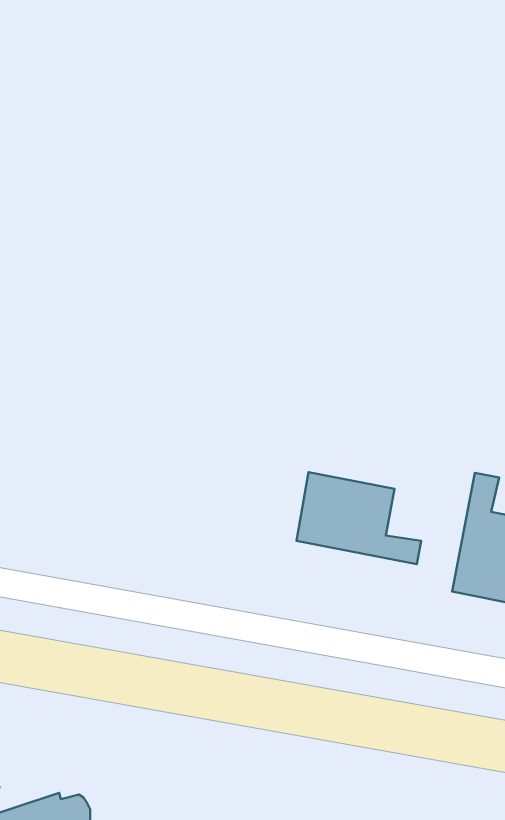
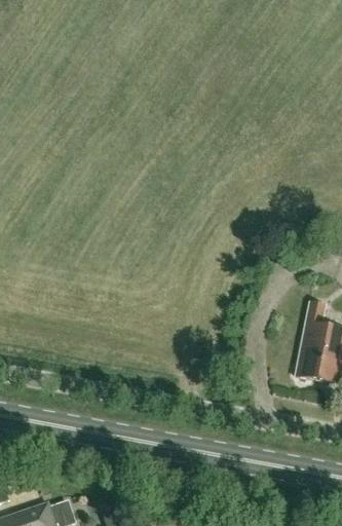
building: [296,472,421,564] -> none

